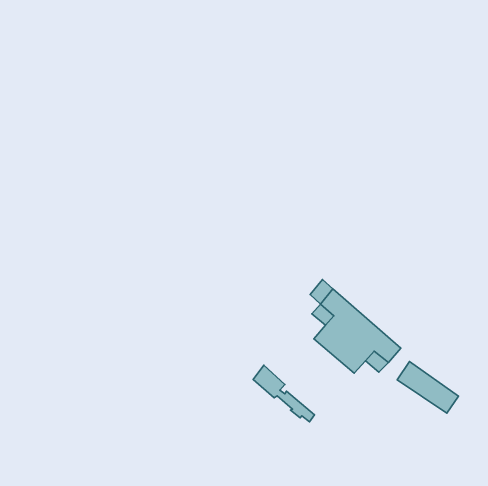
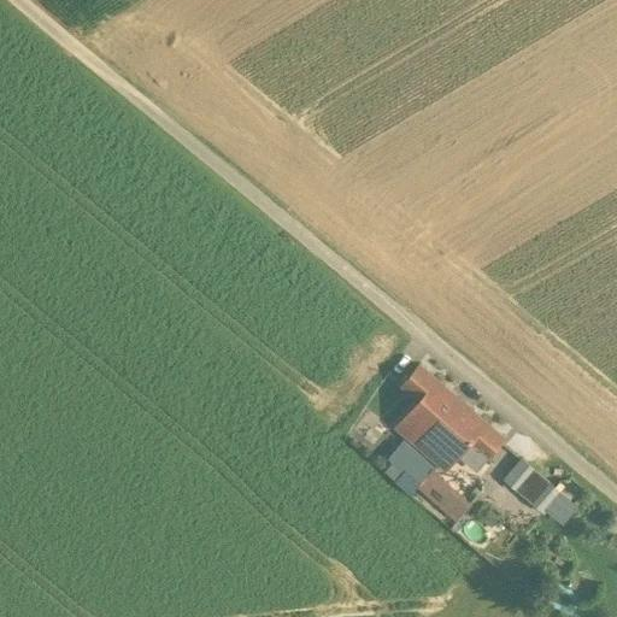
building: [253,365,314,422] -> [392,443,469,515]

